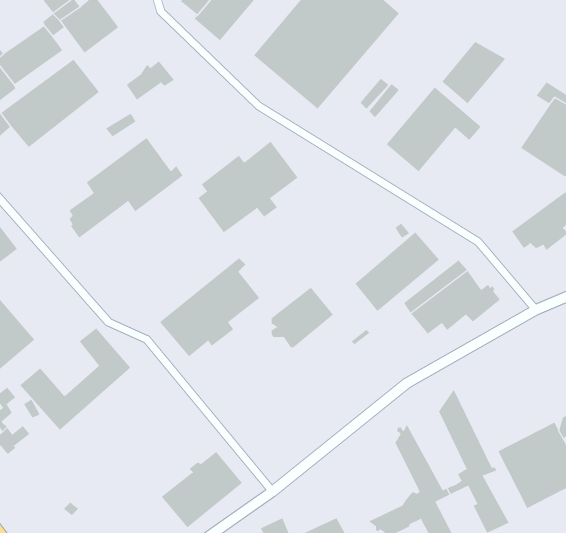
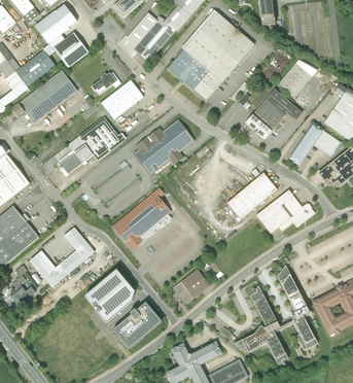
building: none -> [100,79,143,119]
building: none -> [289,124,340,164]
building: [271,287,334,348] -> [172,268,209,304]
building: none -> [84,268,135,321]

